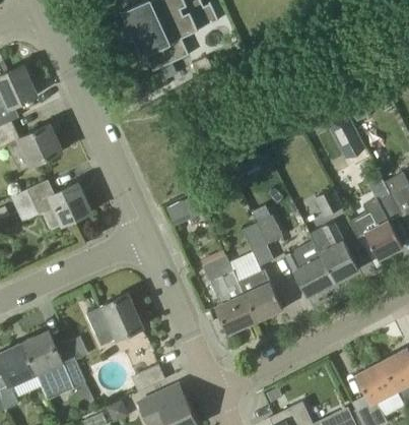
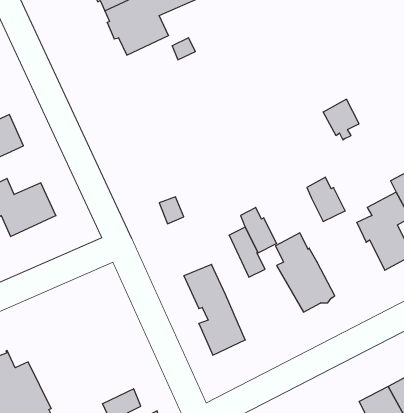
building: [309,221,358,283] -> none
building: [238,269,282,321] -> none
building: [86,295,142,346] -> none

